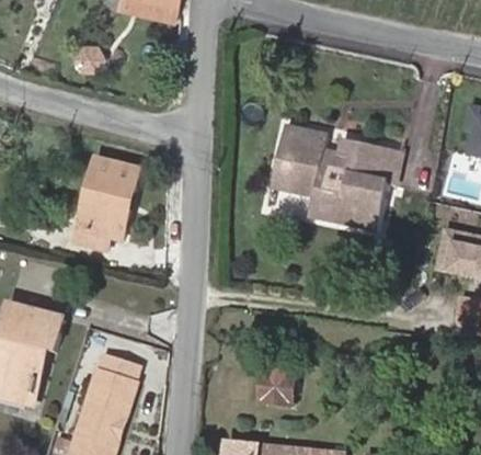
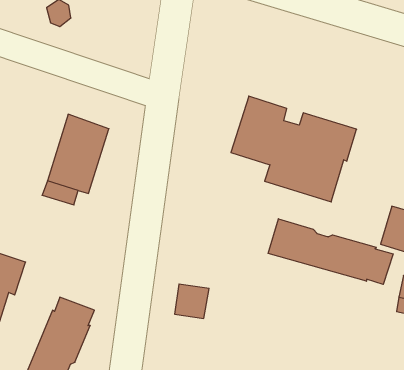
building: none -> [268,219,393,284]
building: [260,369,294,403] -> [175,284,209,318]

